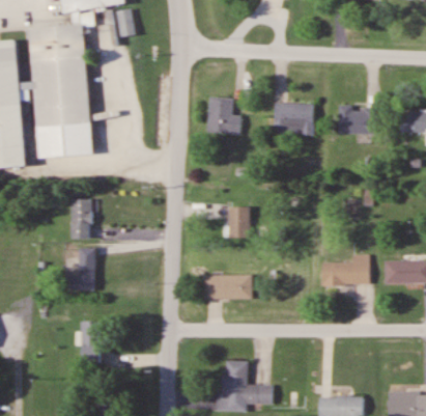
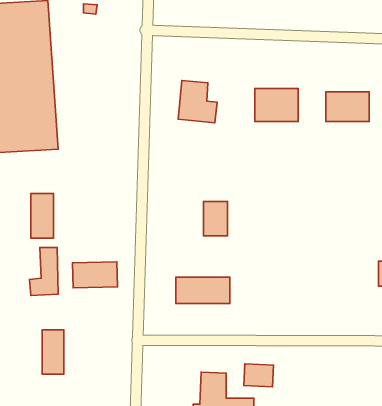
building: [320,255,368,285] -> none
building: none -> [73,262,118,288]
building: none -> [244,364,274,387]

